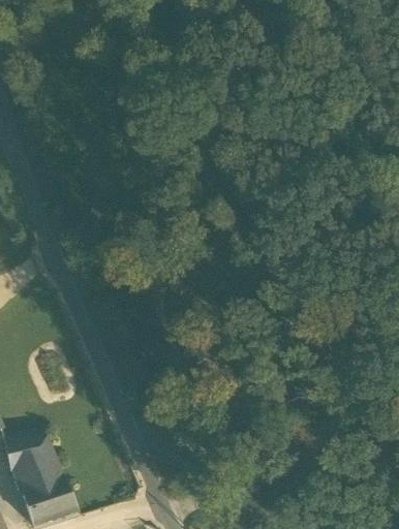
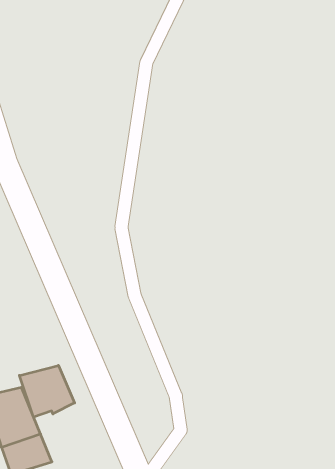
building: none -> [19,365,75,417]

